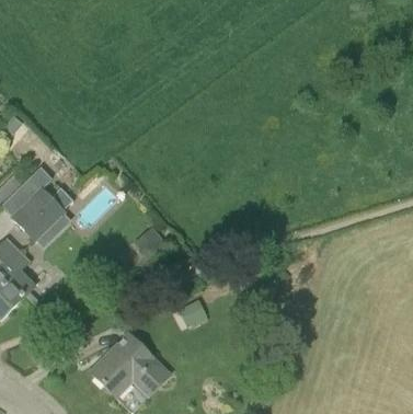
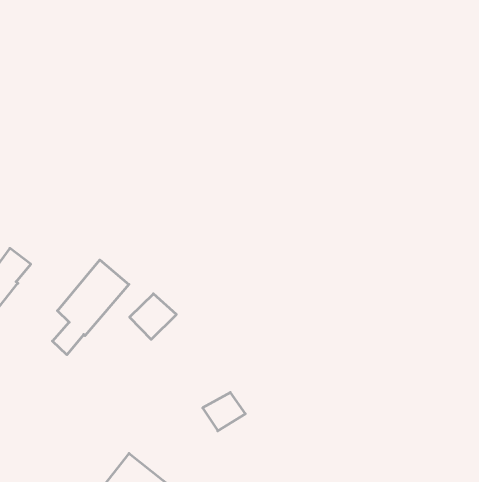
building: none -> [52,260,129,355]

